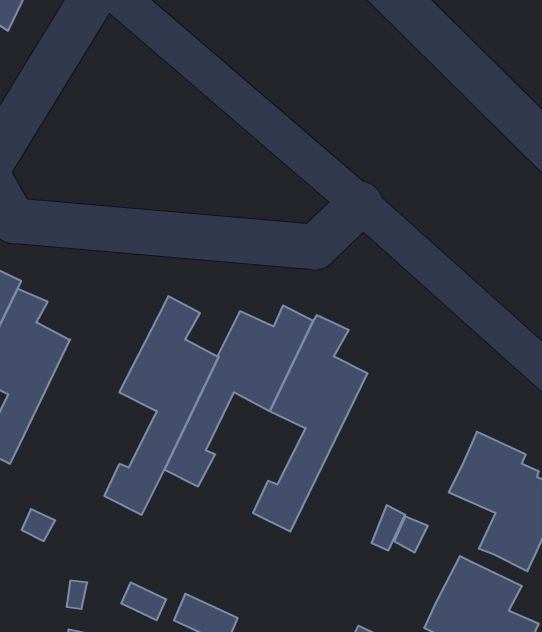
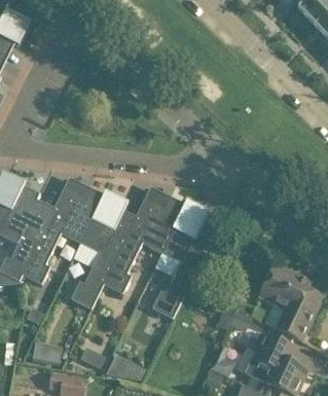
building: none -> [23,185,104,284]

